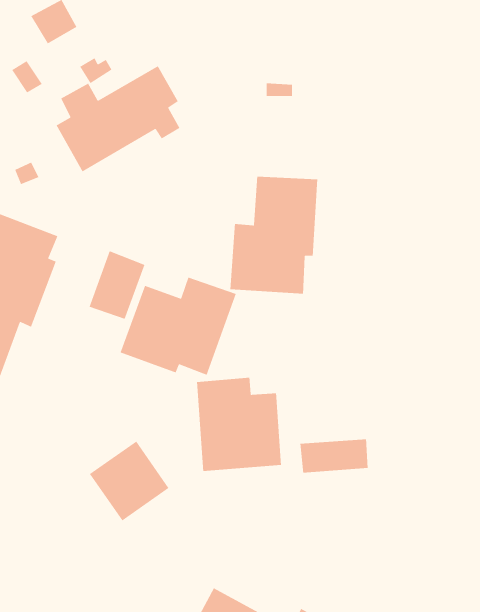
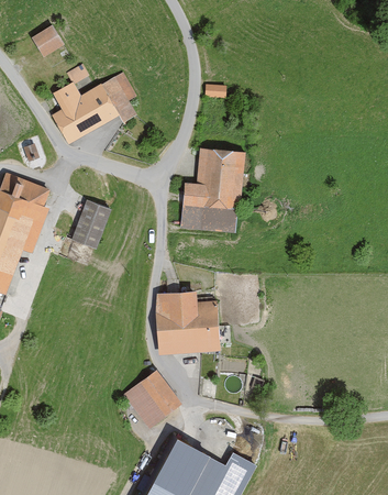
building: [119,276,237,376] -> none
building: [299,438,368,474] -> none
building: [89,441,170,521] -> [121,371,177,427]

